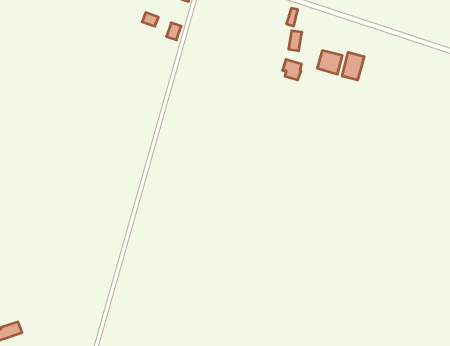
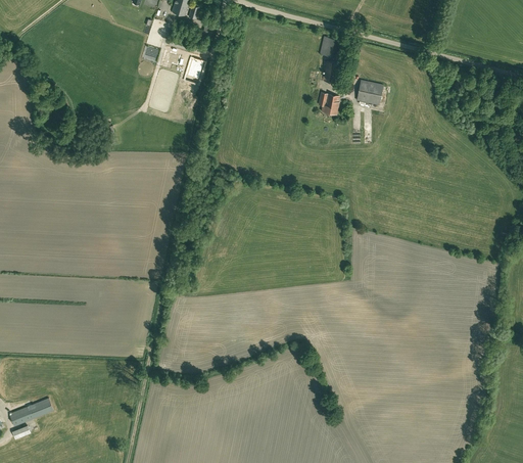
building: [342,52,364,80] -> none

